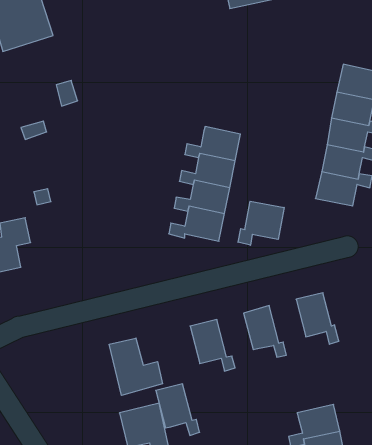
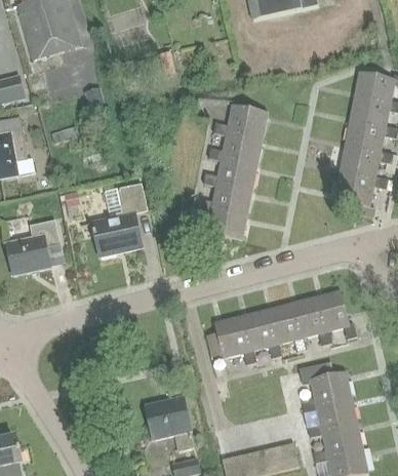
building: none -> [213,106,267,138]
building: none -> [93,184,148,253]
building: [238,201,284,245] -> none
building: none -> [289,296,331,346]
building: [109,338,163,395] -> none
building: none -> [303,371,351,412]
building: [156,384,200,435] -> [239,310,281,359]

